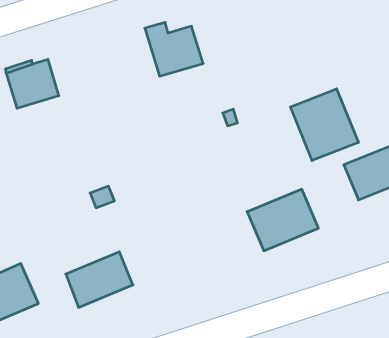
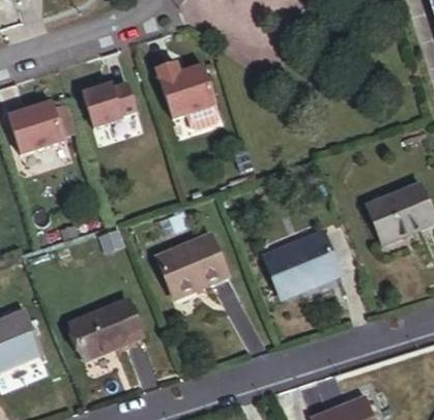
building: none -> [83,78,137,121]
building: [290,89,358,161] -> none
building: none -> [157,234,230,297]

